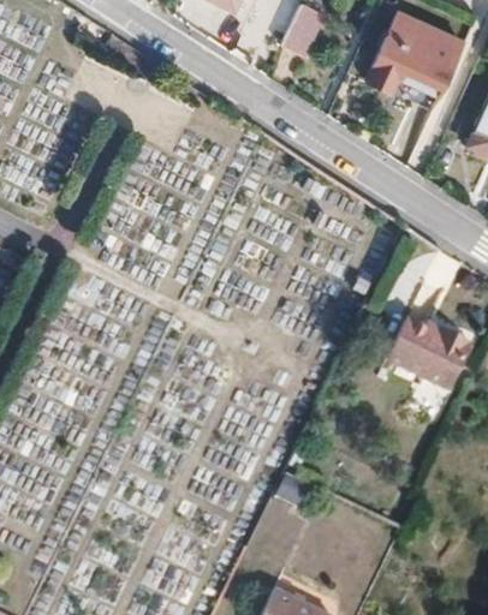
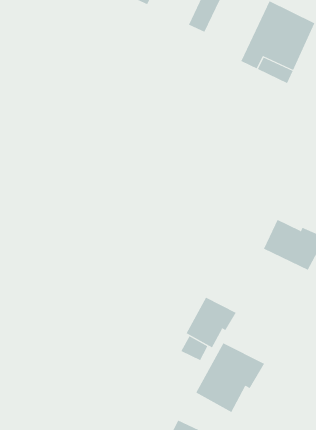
building: none -> [186,297,237,348]
building: none -> [196,343,265,413]

